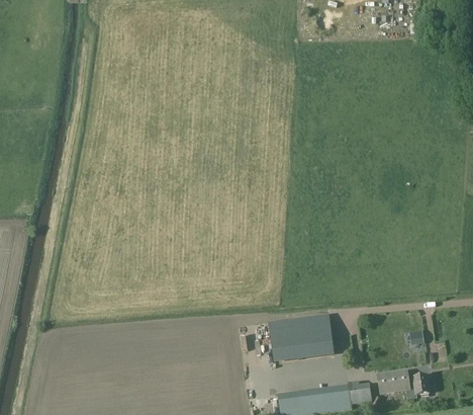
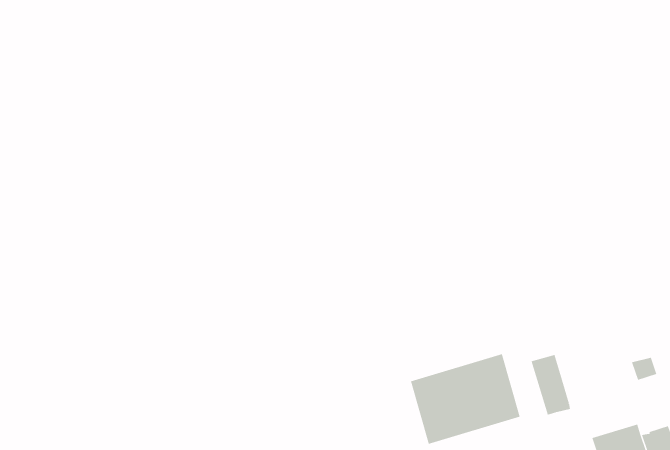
building: none -> [531,354,570,415]

